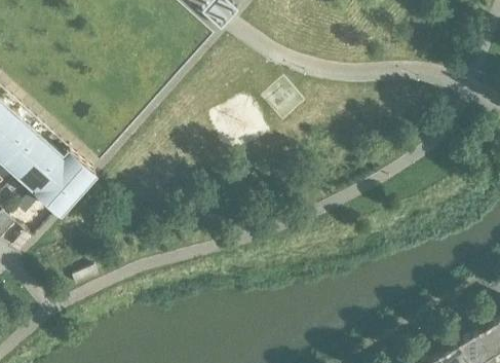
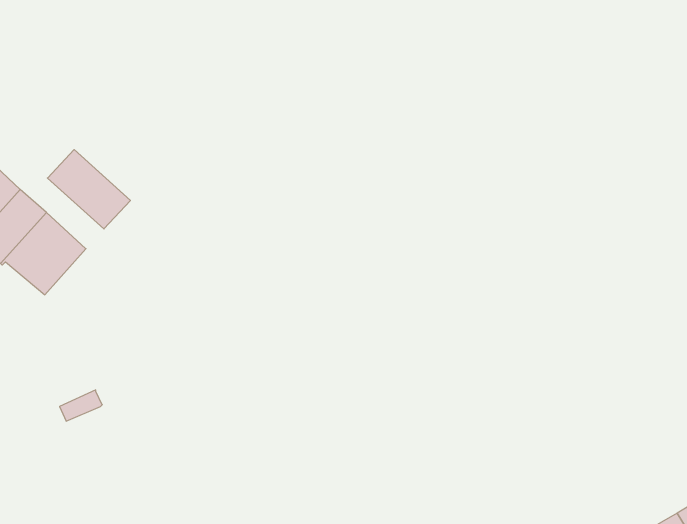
building: none -> [47,150,130,229]

